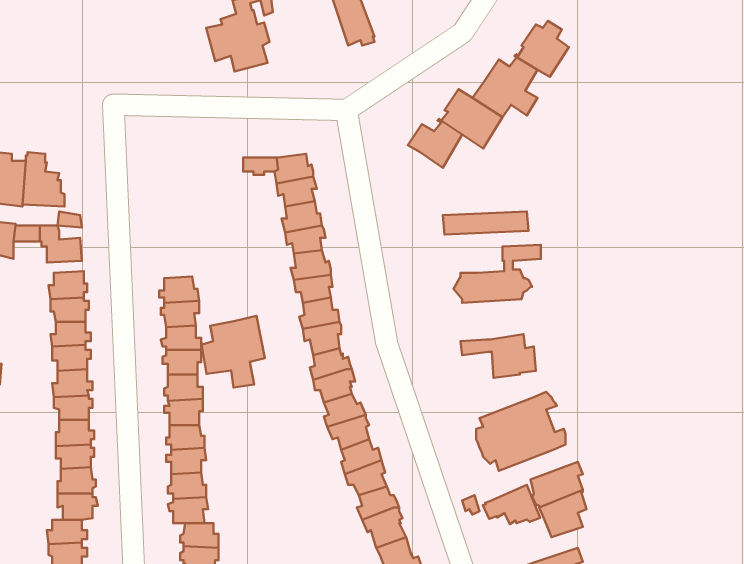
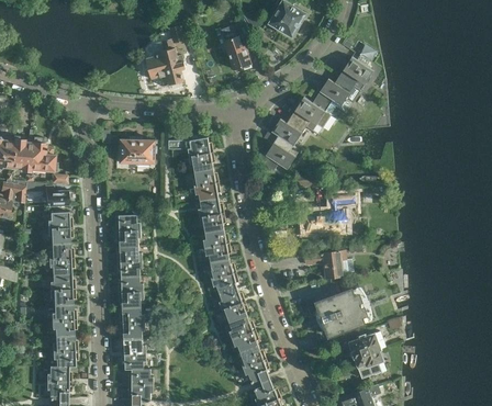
building: none -> [119,137,155,166]
building: none -> [262,137,295,172]
building: [201,316,265,387] -> none
building: [483,485,540,524] -> none

